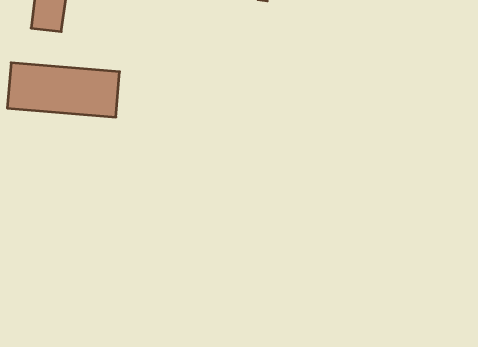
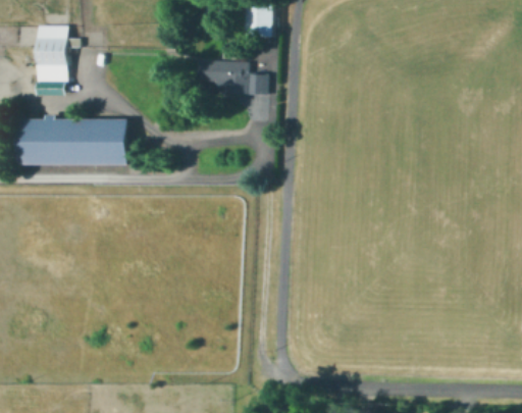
building: none -> [198,62,264,92]

